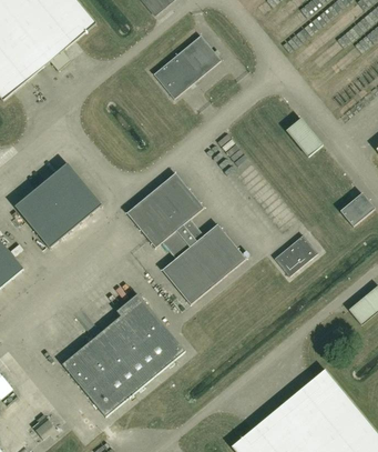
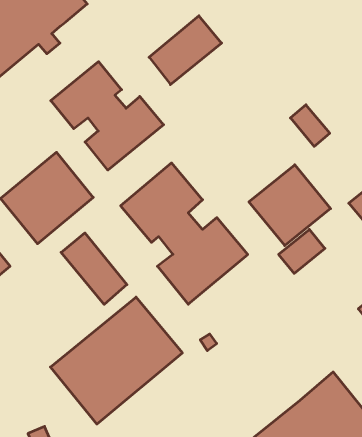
building: none -> [51,62,164,170]
building: none -> [249,165,331,246]
building: none -> [61,233,127,304]

